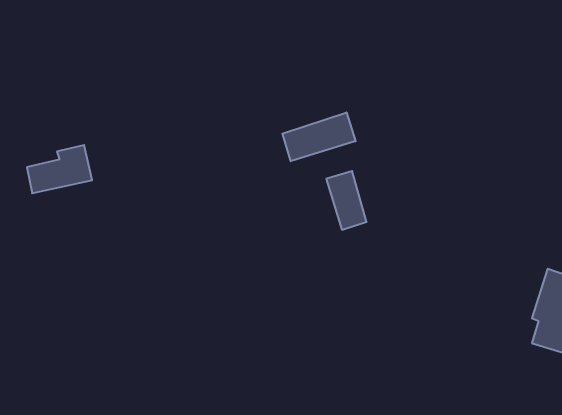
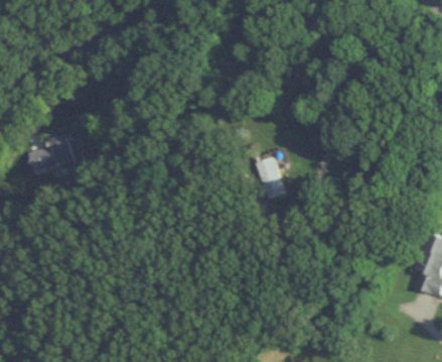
building: [282,112,356,161] -> none

